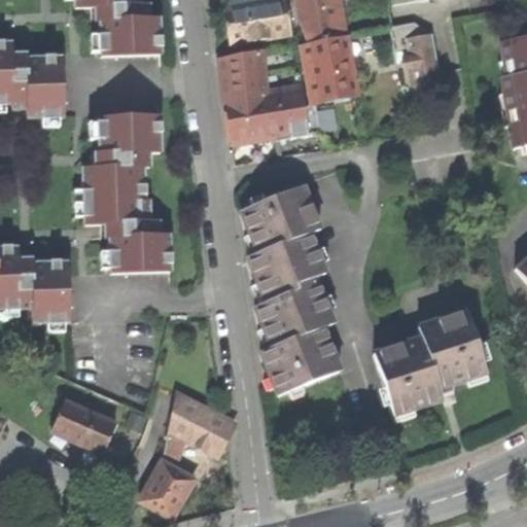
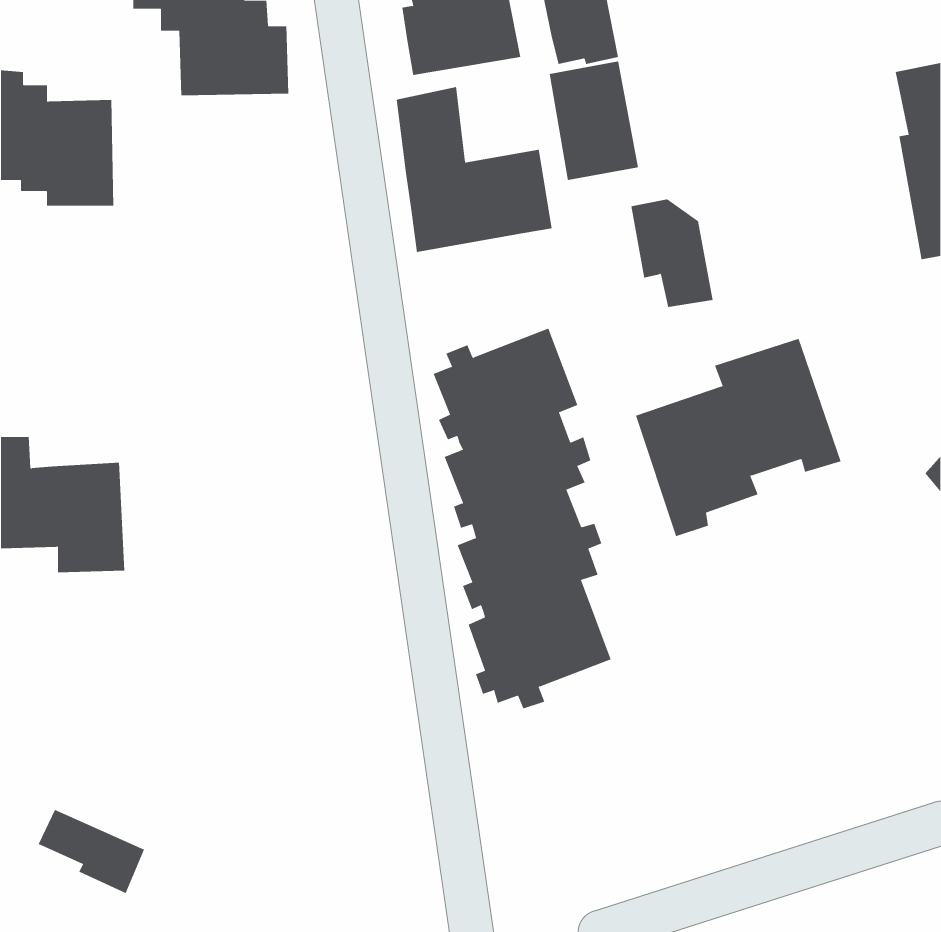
building: [394,20,441,80] -> [631,199,713,308]
building: [83,113,170,271] -> none
building: [375,308,490,419] -> [635,338,841,537]
building: [140,393,236,517] -> none
building: [56,399,115,447] -> [38,809,145,894]

